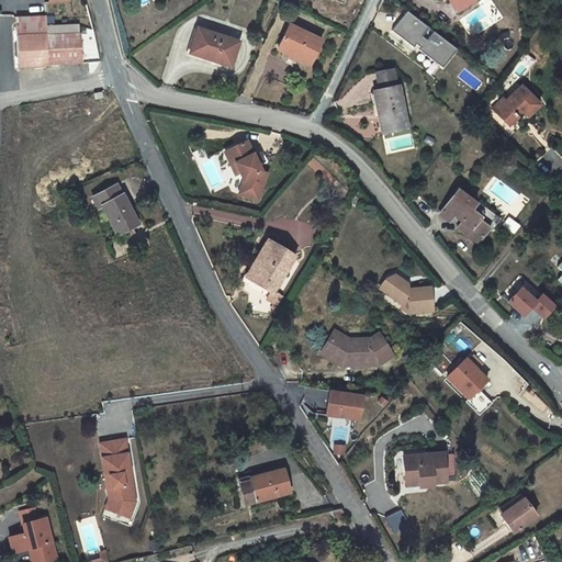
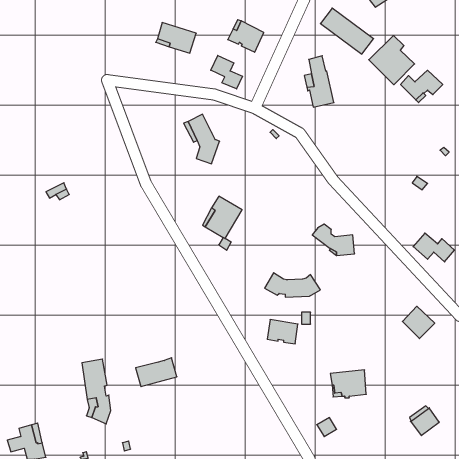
building: [18,16,82,66] -> none
building: none -> [369,36,415,85]
building: none -> [211,55,243,89]
building: [94,184,140,235] -> none
building: [440,189,491,243] -> none
building: [449,358,488,397] -> [402,306,435,339]
building: [240,469,291,504] -> [136,358,177,387]

